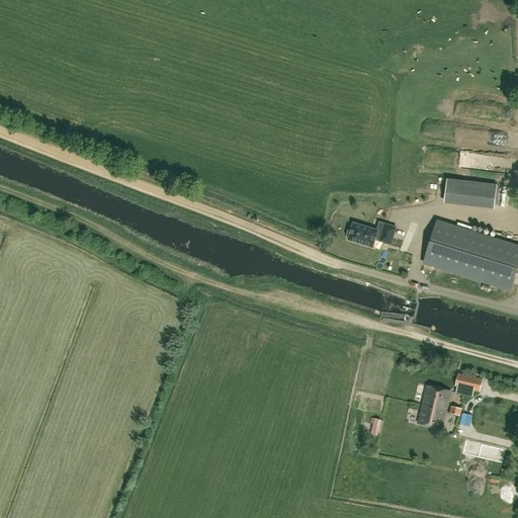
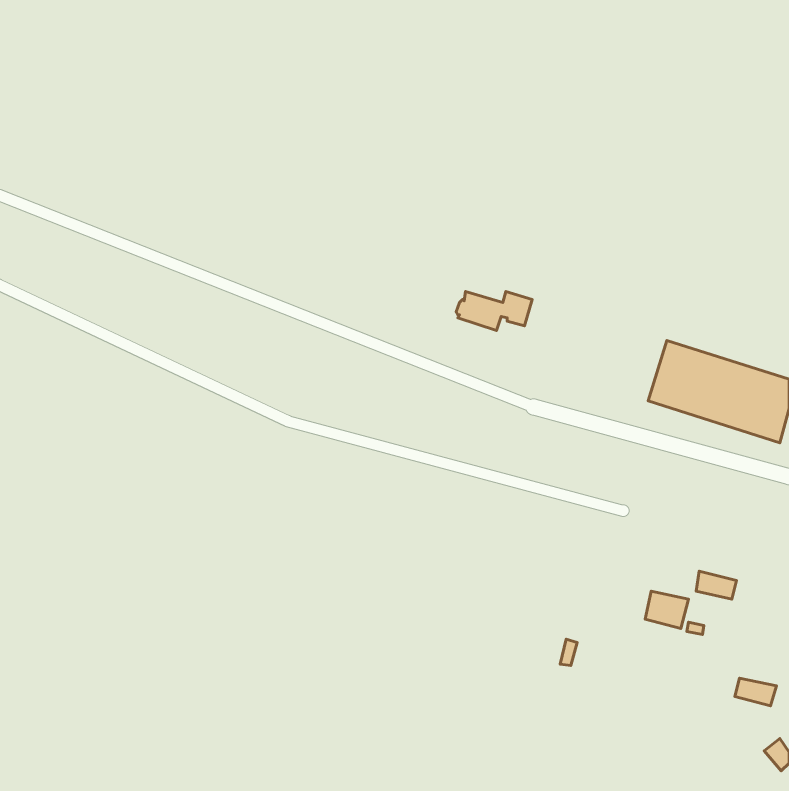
building: [443,178,496,203] -> none
building: [346,223,396,248] -> [456,292,532,330]
building: [417,405,445,429] -> none

